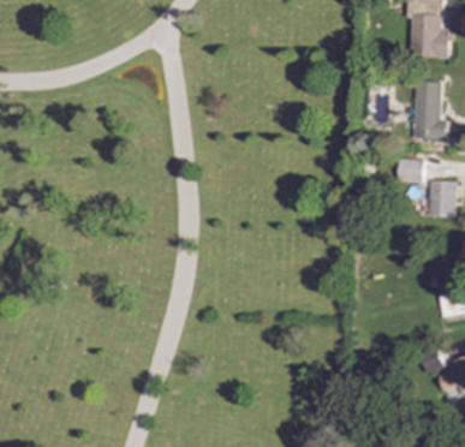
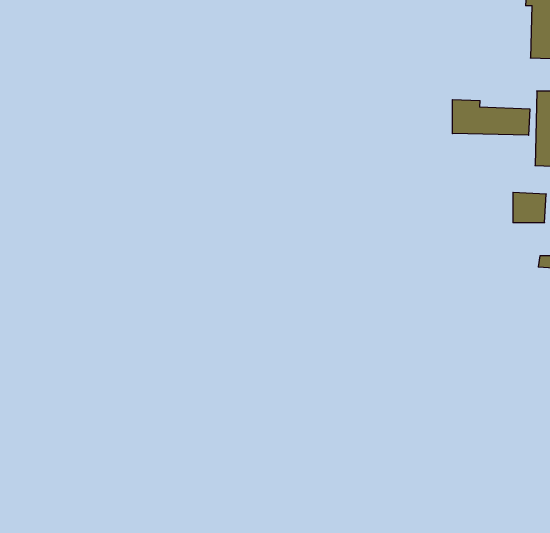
building: none -> [452,100,530,135]

